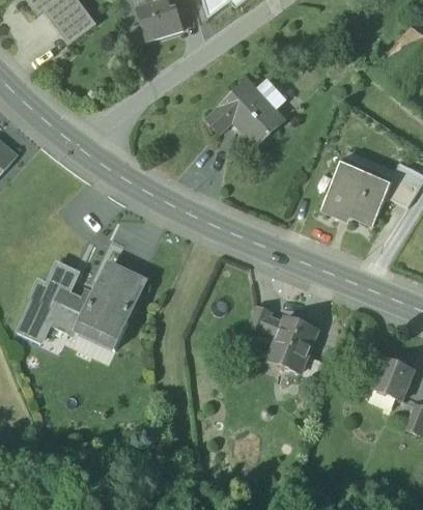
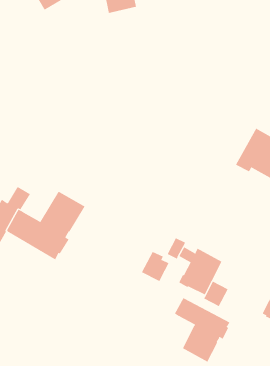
building: [207,79,283,143] -> none
building: none -> [141,251,169,282]
building: none -> [174,298,230,362]

